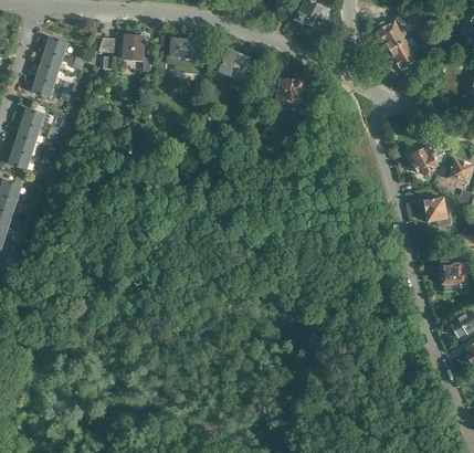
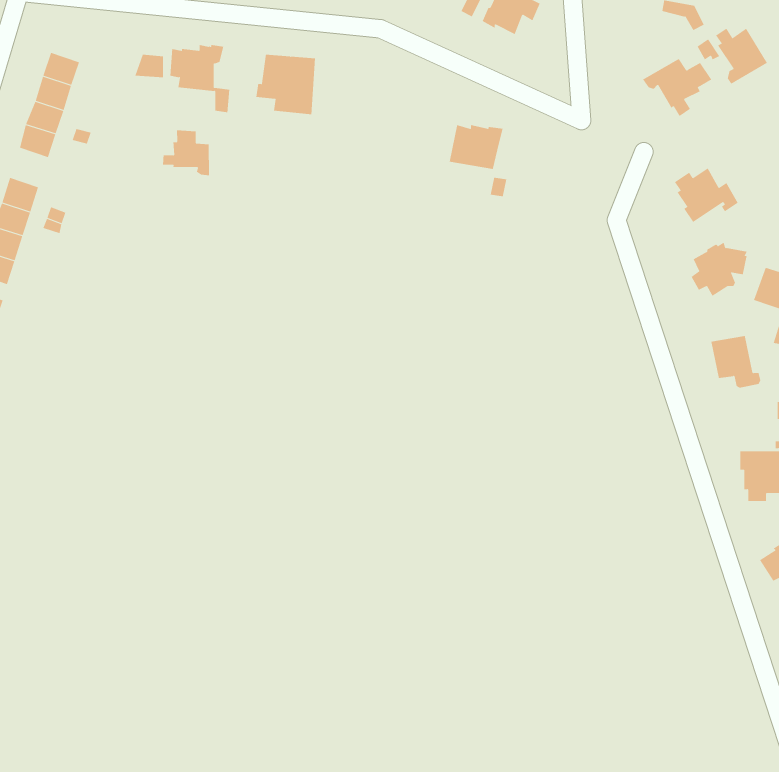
building: [376,21,405,53] -> [715,28,768,84]
building: [220,50,252,94] -> none
building: none -> [163,129,209,176]
building: none -> [674,167,738,223]

